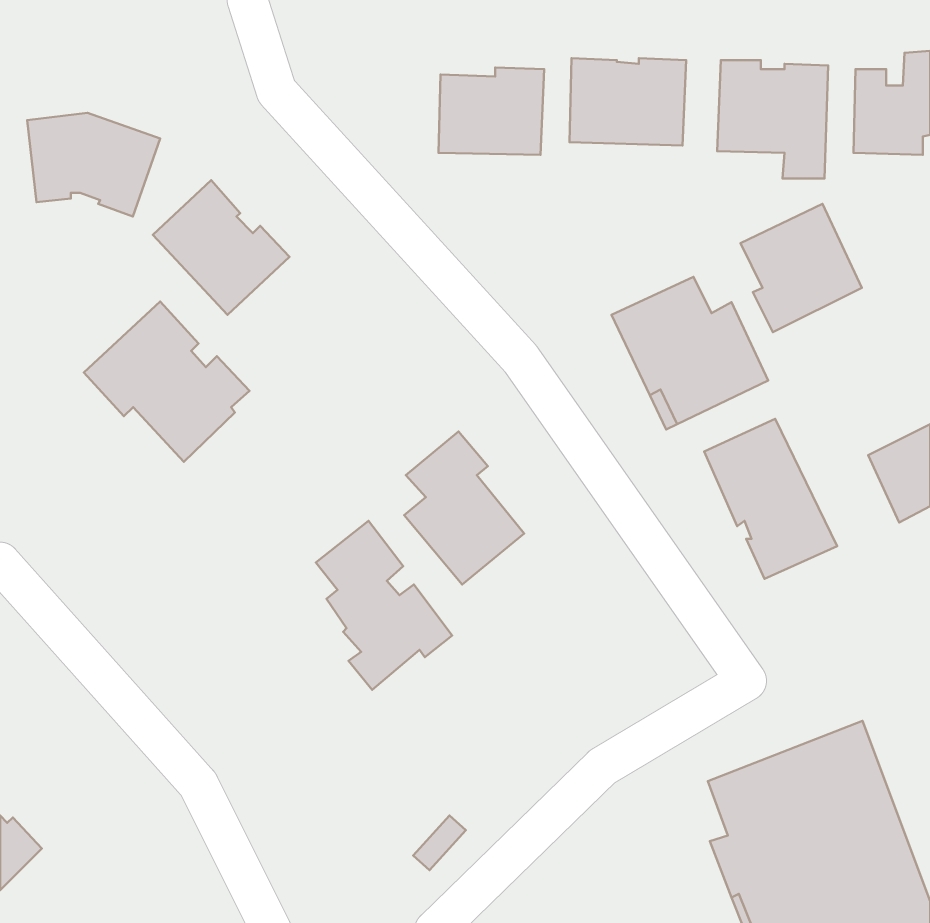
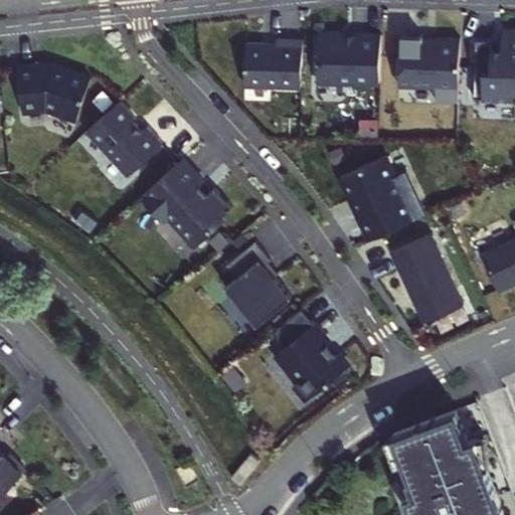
building: [740,204,862,332] -> none
building: [84,302,250,462] -> [139,160,230,248]
building: [316,521,452,690] -> [272,310,347,403]

